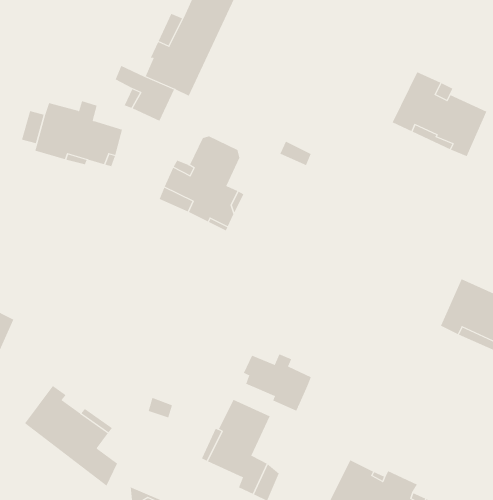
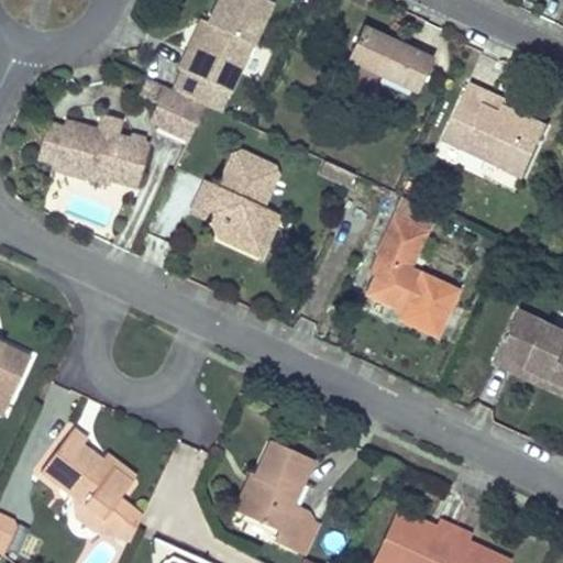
building: none -> [349,30,434,93]
building: none -> [371,216,461,336]
building: [243,354,312,411] -> none

